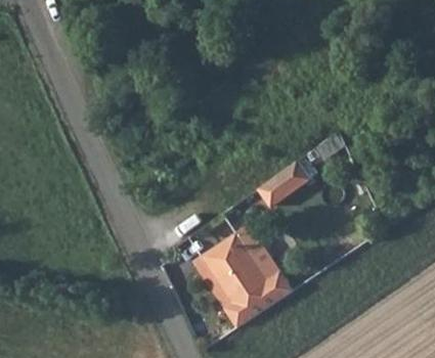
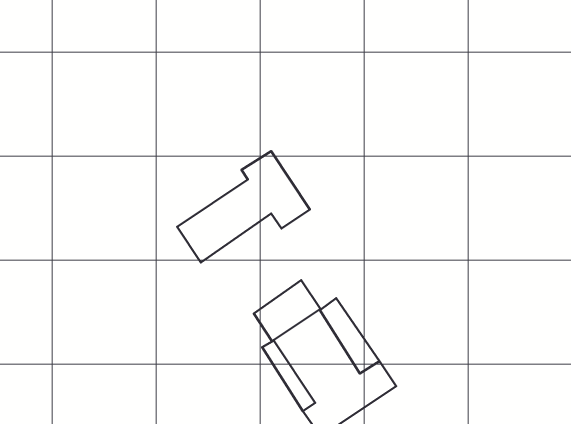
building: none -> [177,151,310,262]
building: [258,163,311,209] -> none

